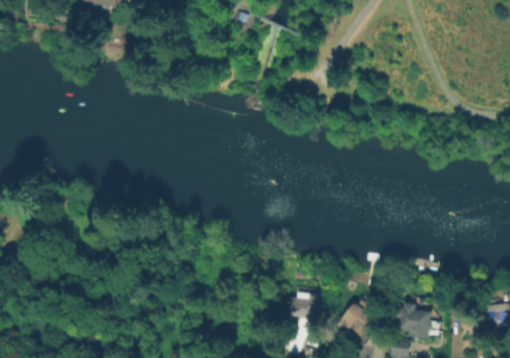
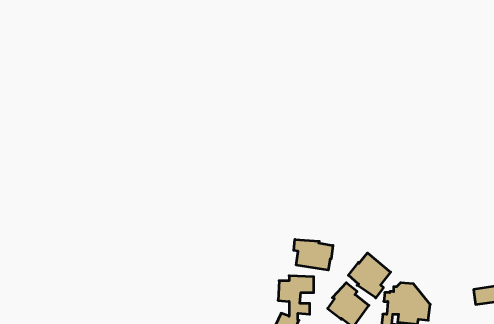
building: none -> [294,239,333,270]
building: none -> [348,253,391,298]

